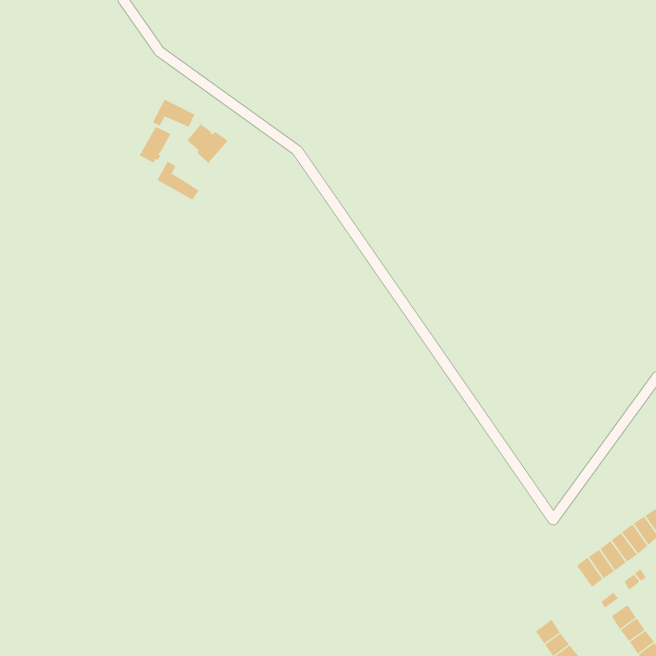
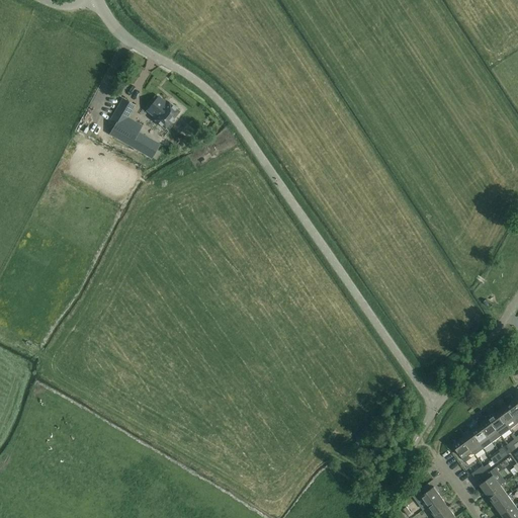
building: [152,99,195,128] -> none

